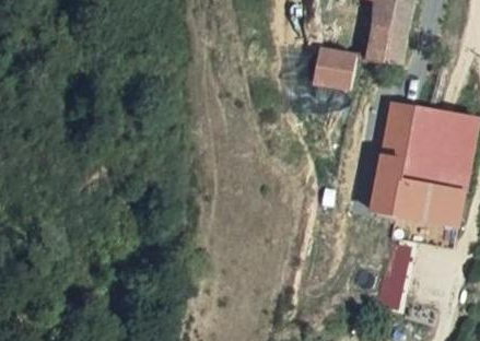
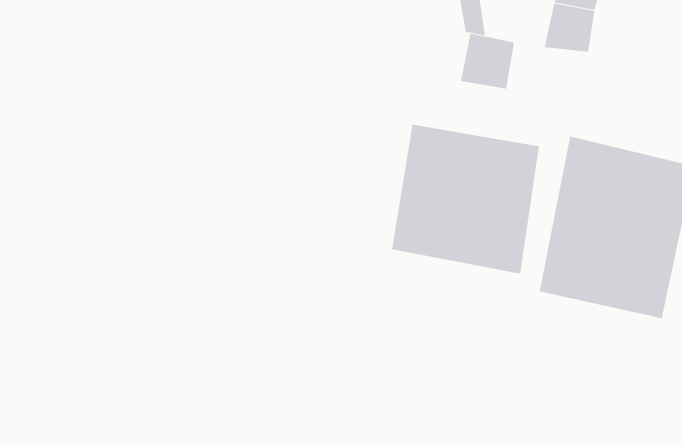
building: none -> [392,124,539,274]

